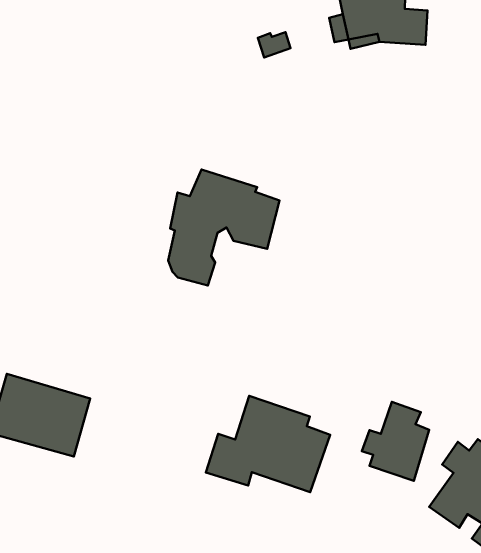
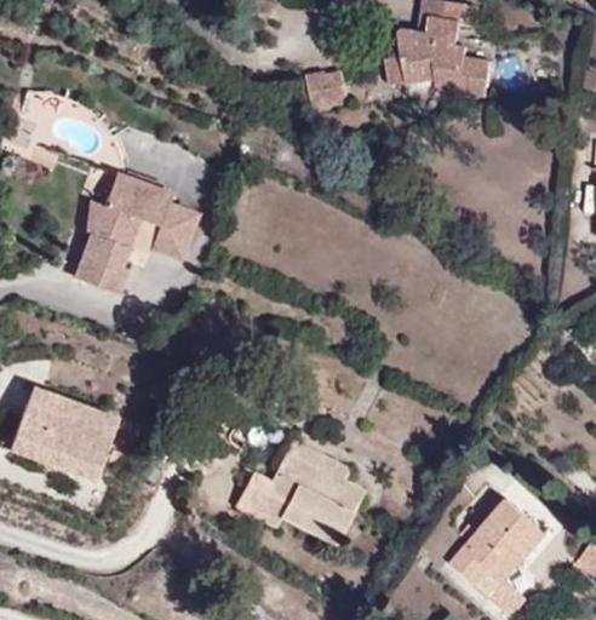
building: [168,169,280,286] -> [74,183,194,303]
building: [362,402,429,481] -> none

